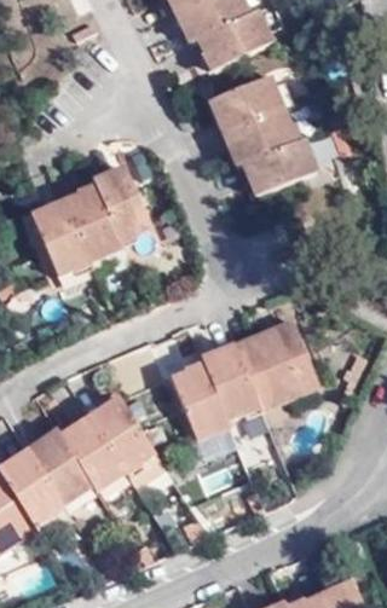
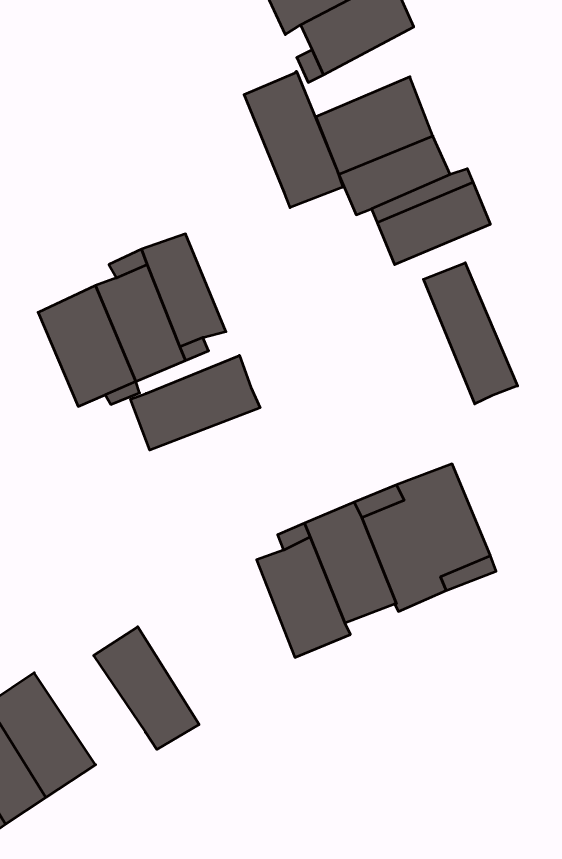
building: none -> [244,71,343,208]
building: none -> [423,263,518,404]
building: none -> [131,355,260,450]
building: [96,403,160,480] -> none
building: [30,427,100,505] -> none

